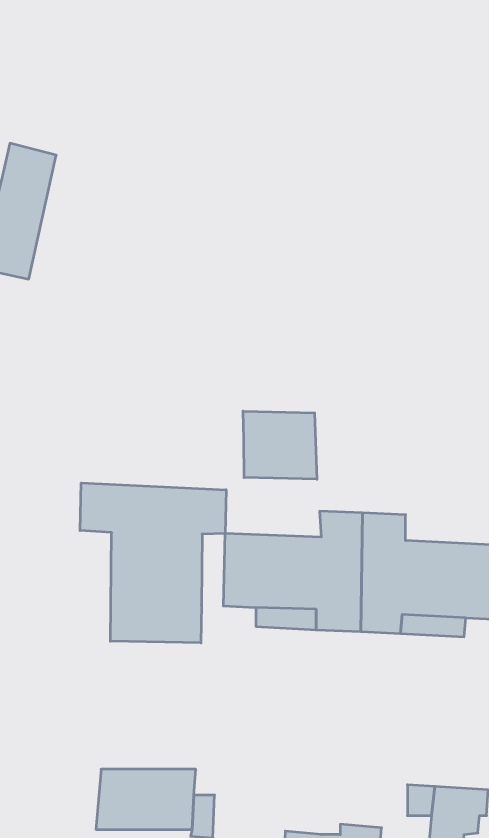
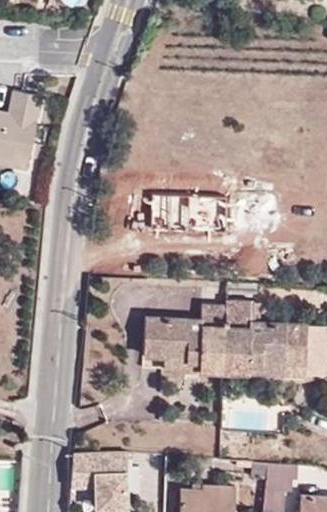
building: [243,411,317,479] -> none
building: [80,483,226,643] -> none

